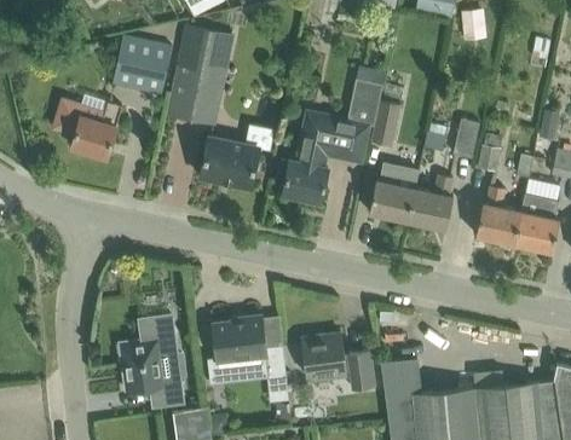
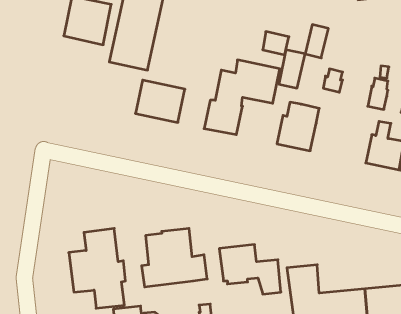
building: [54,99,122,157] -> none
building: [454,117,481,157] -> [305,25,328,58]
building: [409,175,454,230] -> none

